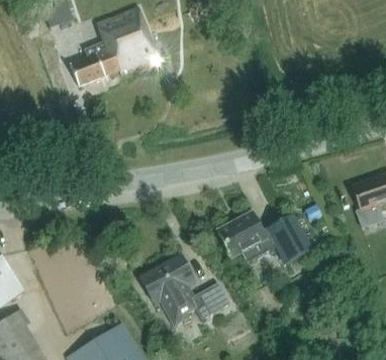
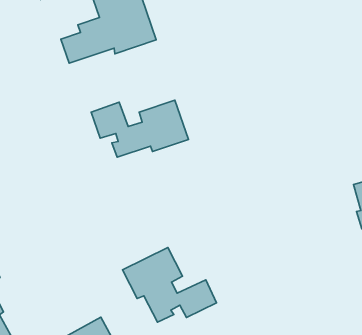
building: none -> [91,100,188,157]
building: [218,213,312,264] -> none

